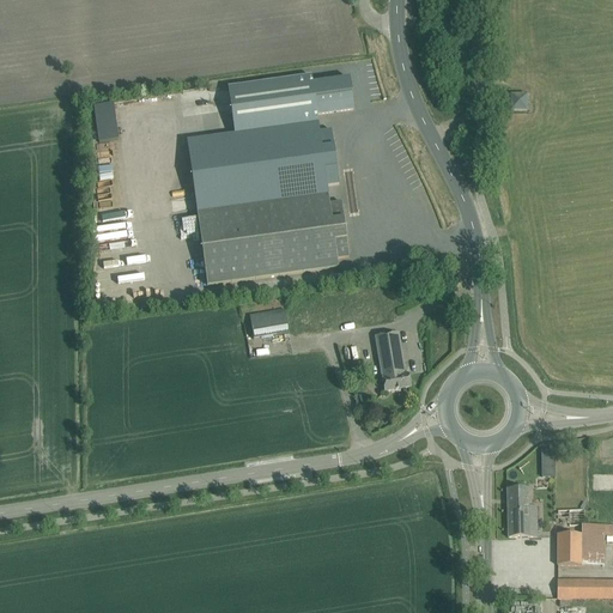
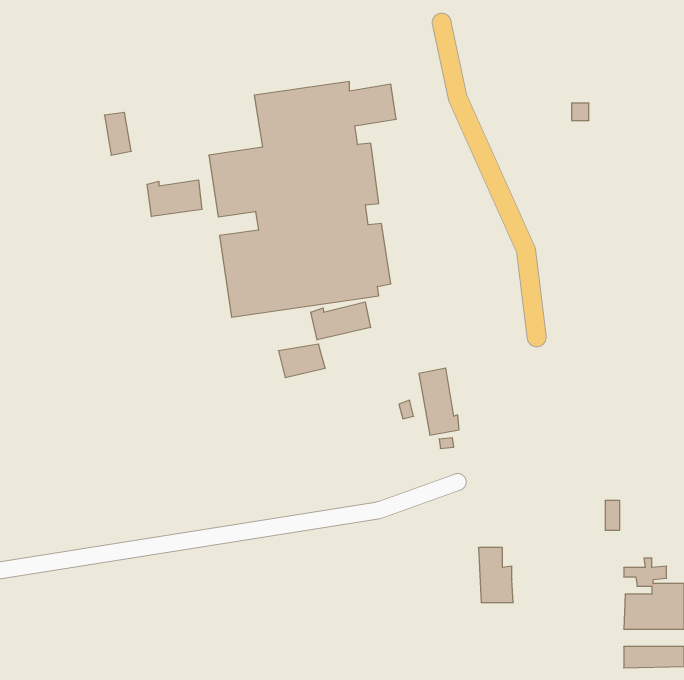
building: none -> [147,180,202,217]
building: none -> [311,302,370,340]
building: [506,486,538,535] -> [478,548,513,602]

